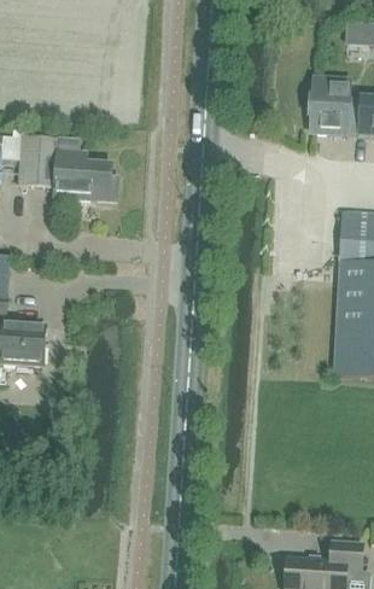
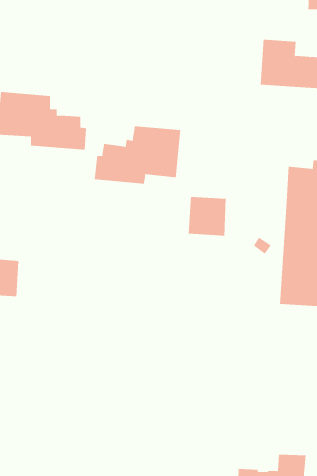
building: none -> [94,126,181,184]
building: none -> [188,196,226,236]

